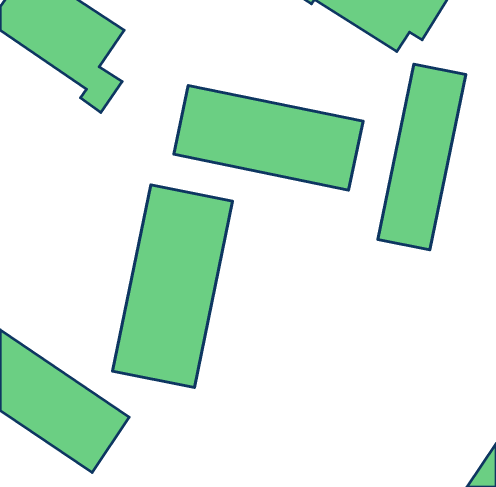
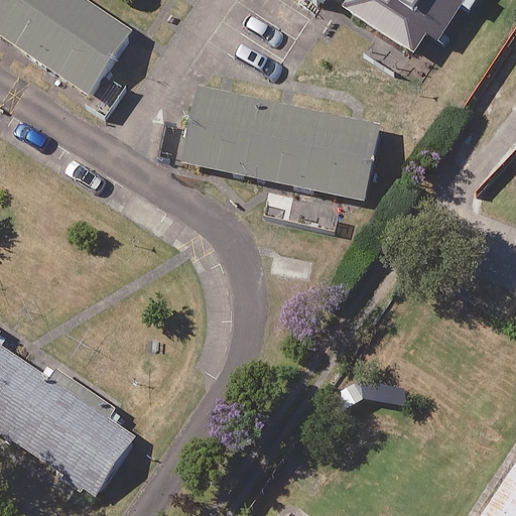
building: [378,64,466,250] -> none
building: [113,185,233,387] -> none

